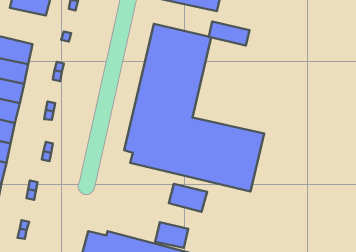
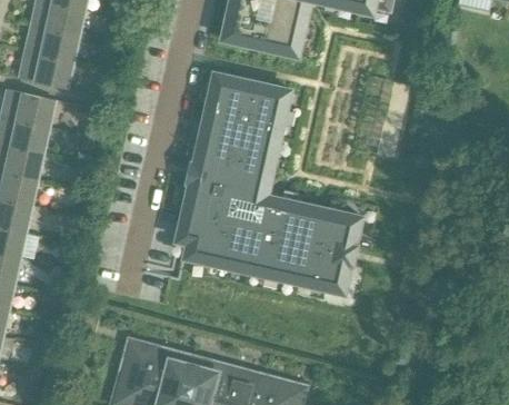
building: none -> [18,50,71,87]
building: [209,22,249,45] -> none
building: [169,184,207,212] -> none
building: [155,222,188,248] -> none

